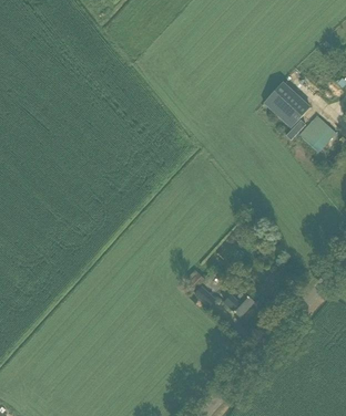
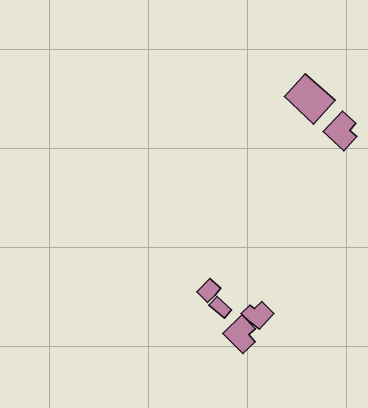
building: none -> [223,315,255,353]

